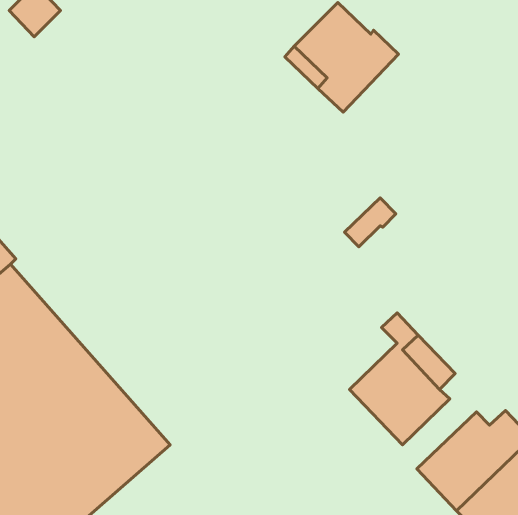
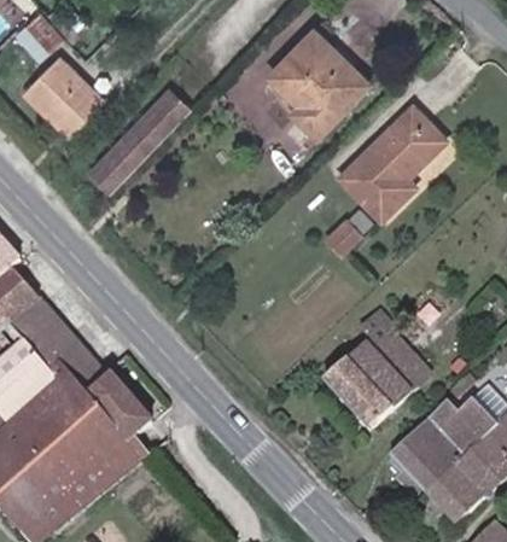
building: none -> [29,54,105,129]
building: none -> [83,86,190,192]
building: none -> [342,103,447,217]

